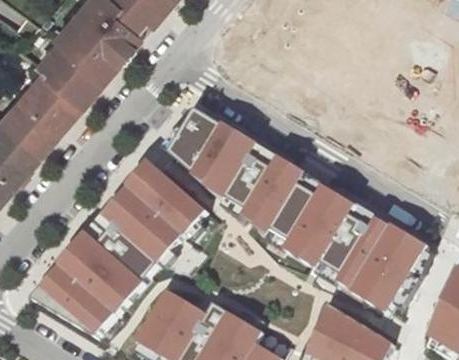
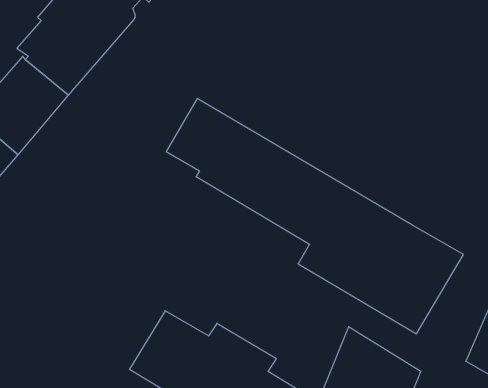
building: [103,163,201,262] -> none
building: [37,231,142,336] -> none

